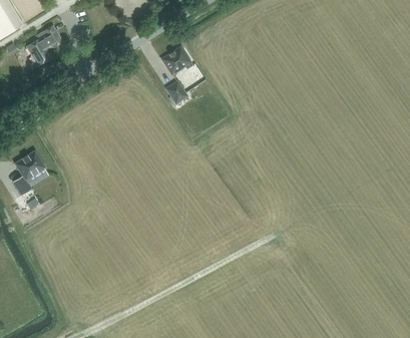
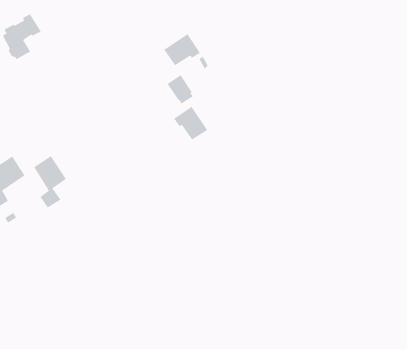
building: none -> [173,106,208,140]
building: none -> [33,155,67,208]

